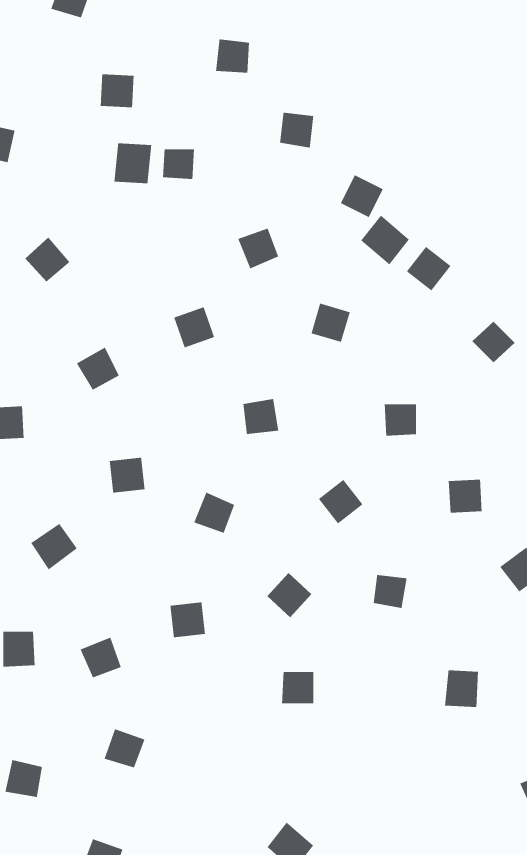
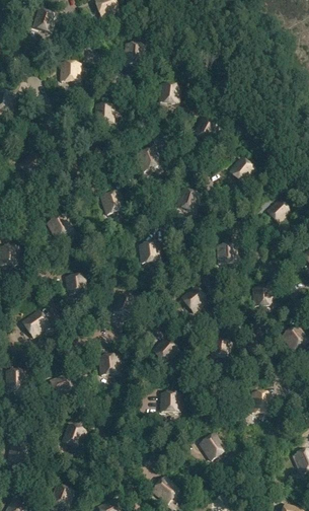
building: [114,143,152,184] -> none
building: [360,215,410,265] -> none
building: none -> [200,433,226,459]

